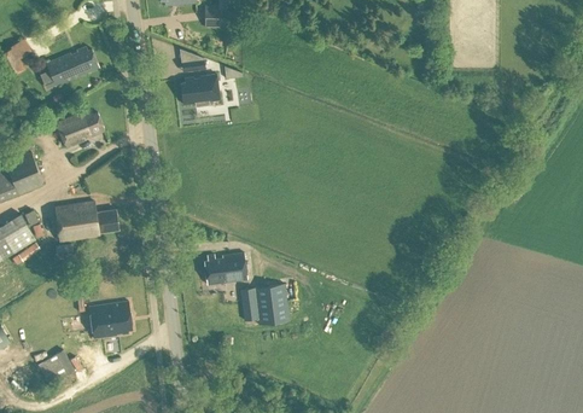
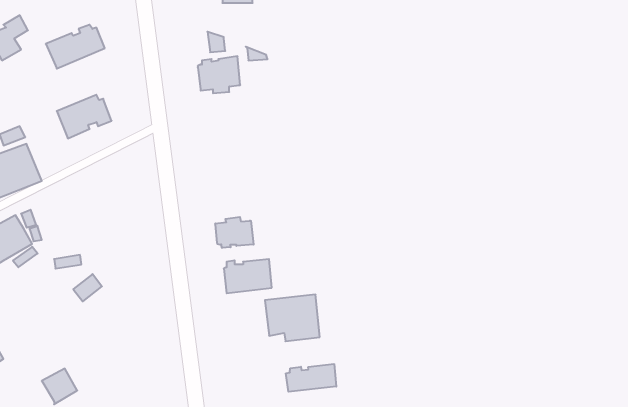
building: [54,200,118,240] -> none
building: none -> [215,217,254,248]
building: [86,302,130,339] -> none
building: none -> [286,364,336,392]

